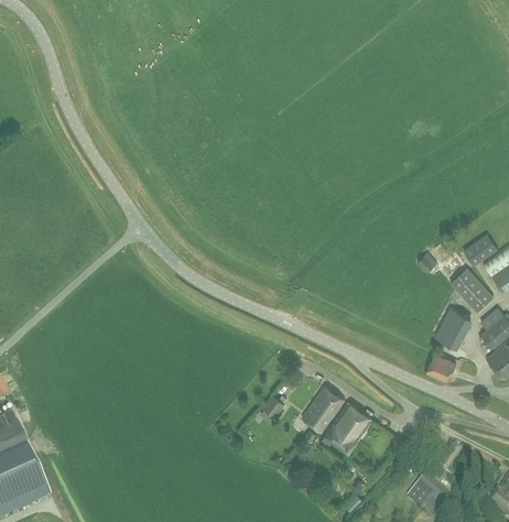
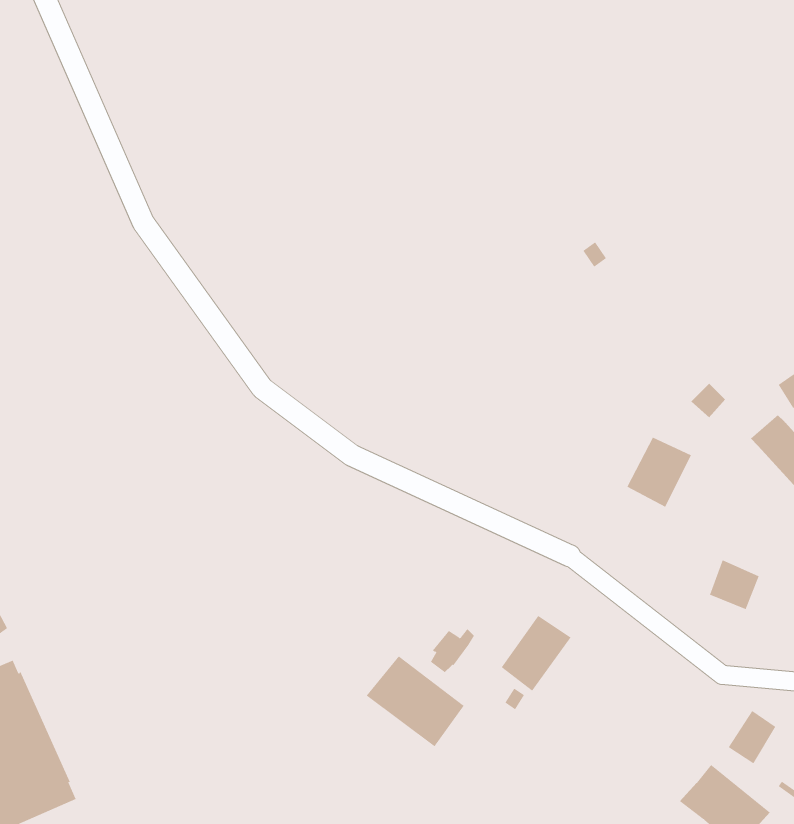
building: [432,305,470,347] -> [627,437,692,507]
building: [321,402,372,453] -> none
building: none -> [366,656,464,747]

